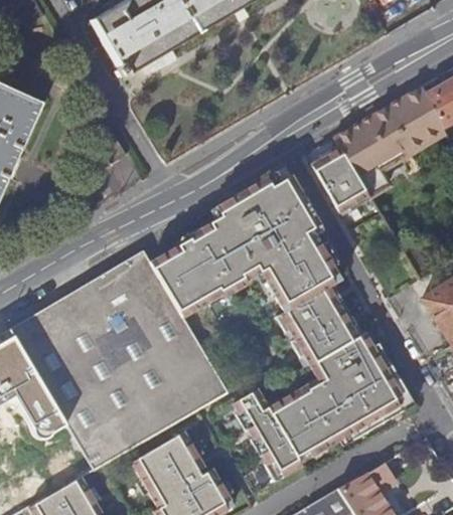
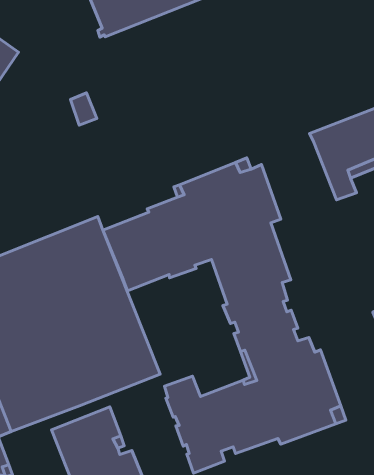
building: [312,145,370,213] -> none

